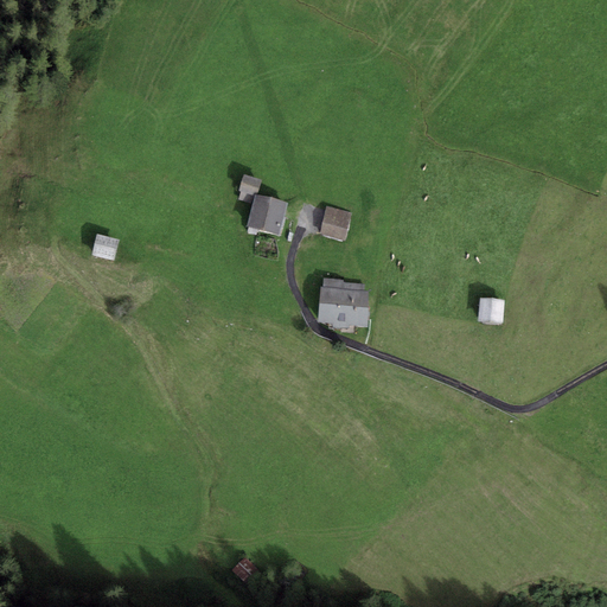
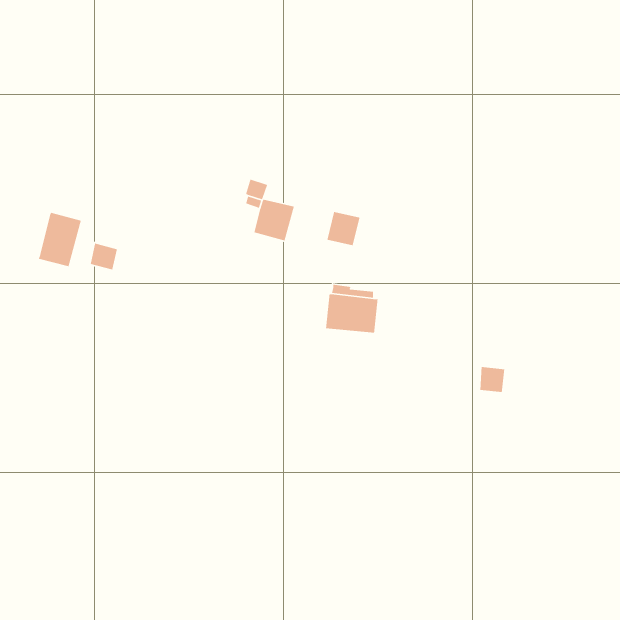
building: none -> [38,212,82,267]
building: [479,298,504,324] -> [480,366,505,393]

